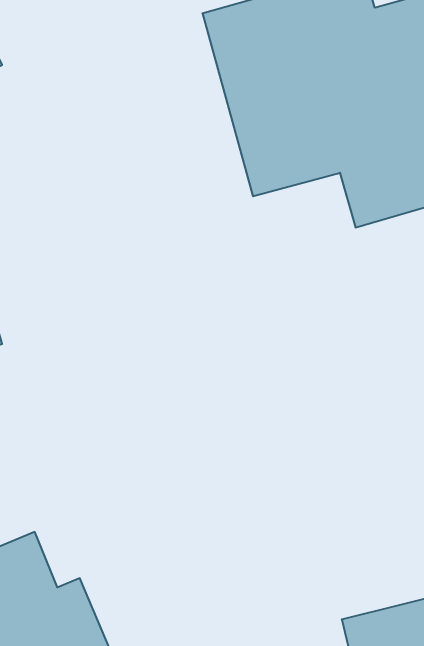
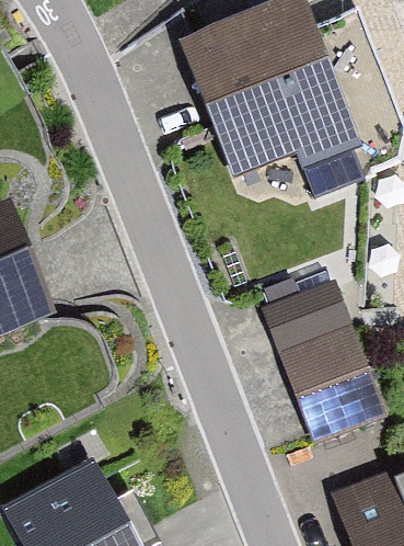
building: none -> [264,282,380,444]

